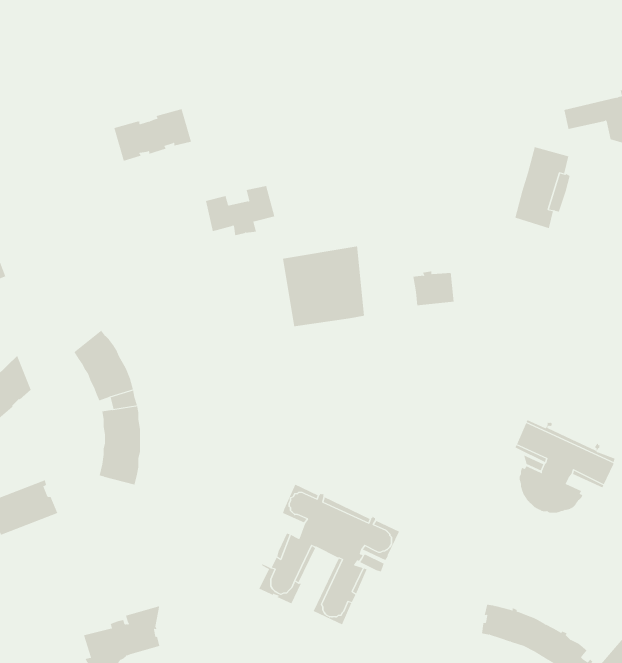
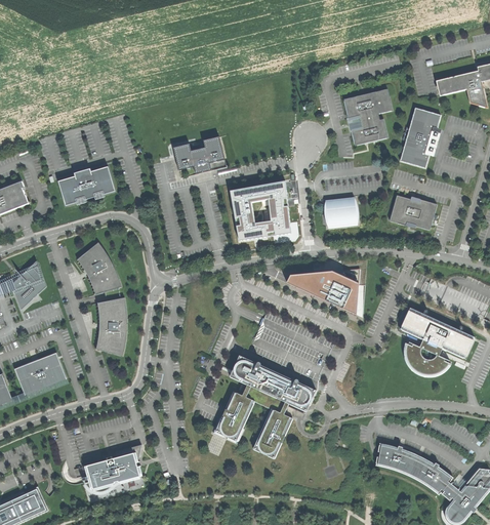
building: [113,108,192,162] -> [57,166,115,205]
building: none -> [343,88,392,145]
building: none -> [389,195,437,230]
building: none -> [287,269,360,314]

